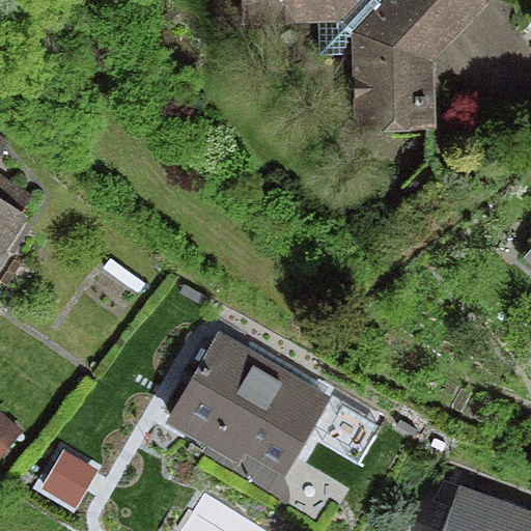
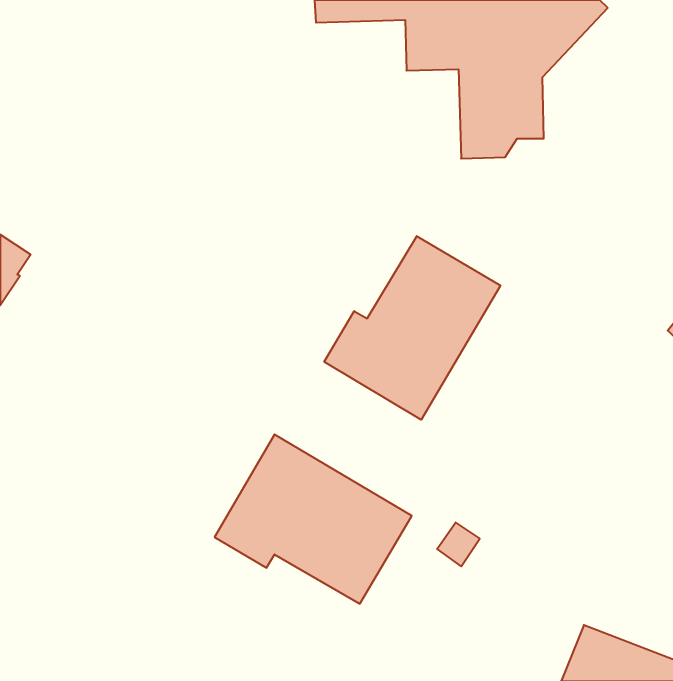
building: none -> [324,236,500,420]

